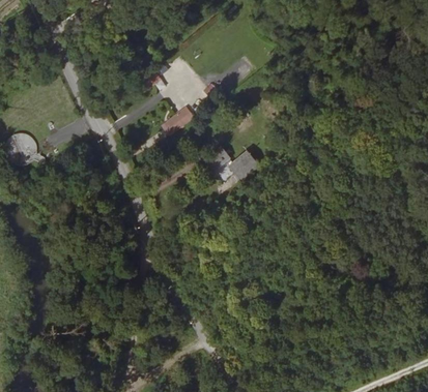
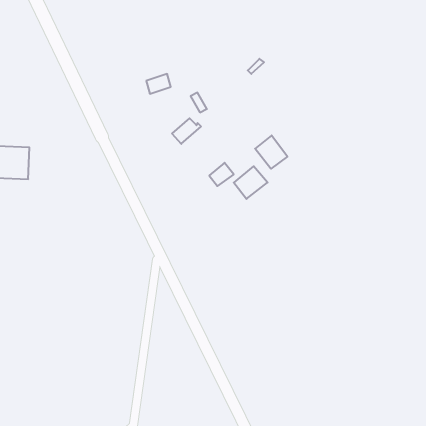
building: none -> [255,135,287,169]

